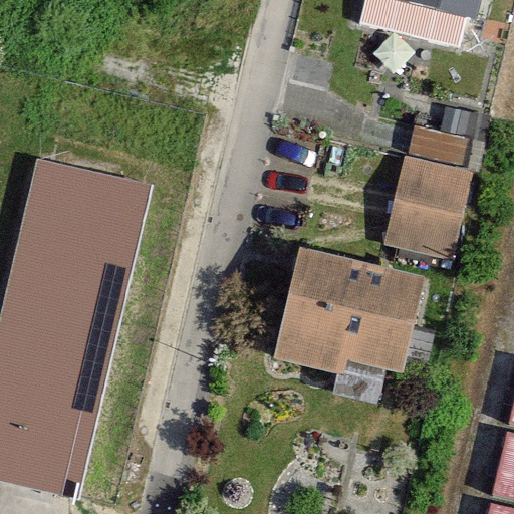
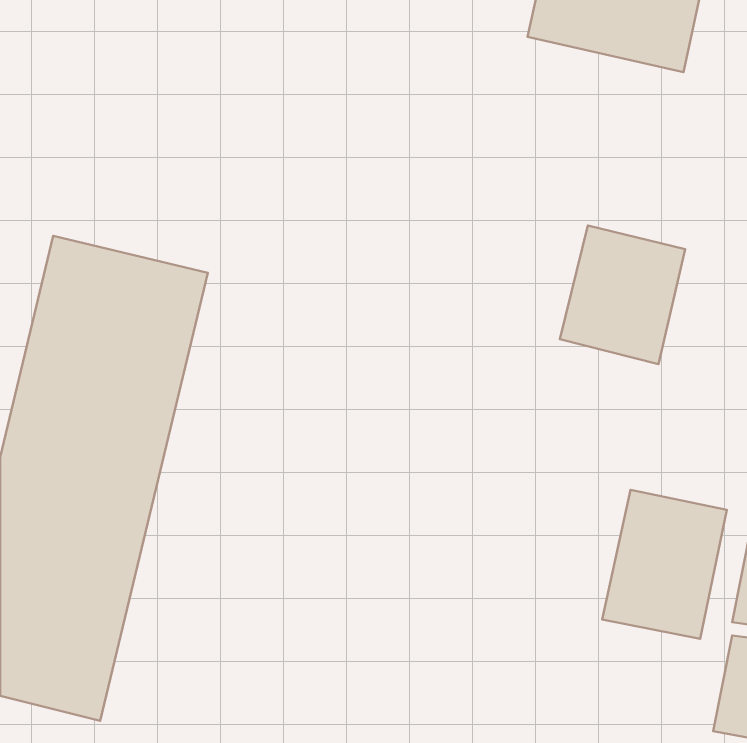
building: [277,251,419,372] -> none
building: none -> [602,490,727,639]

